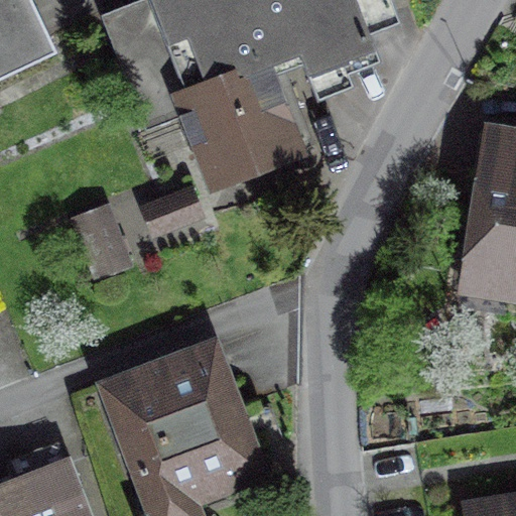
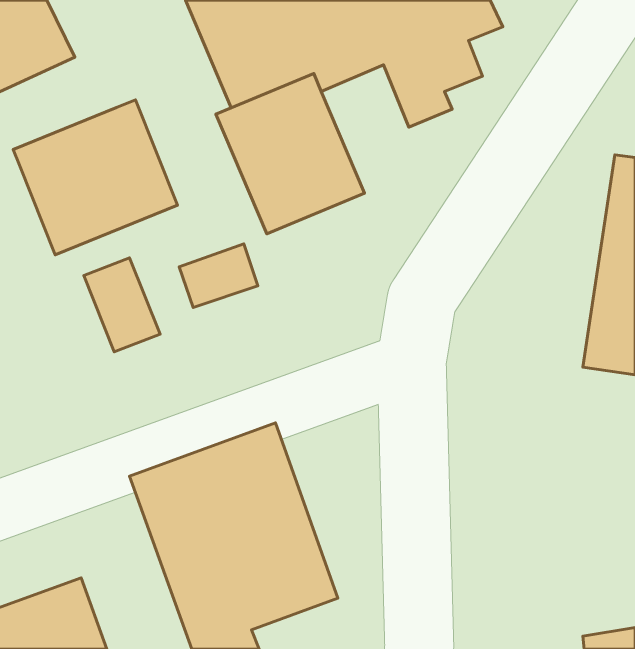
building: none -> [13,100,178,255]

